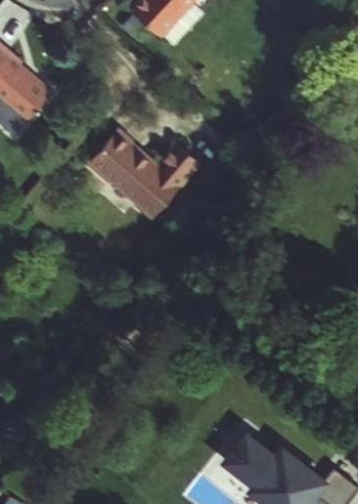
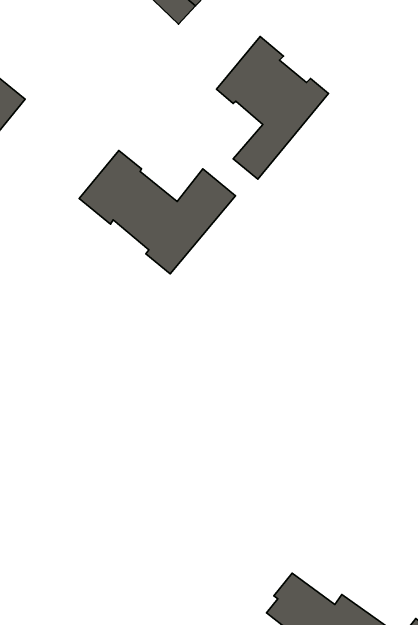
building: none -> [216,37,329,179]

